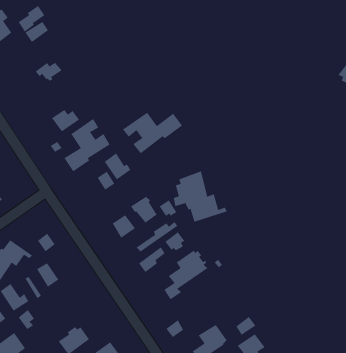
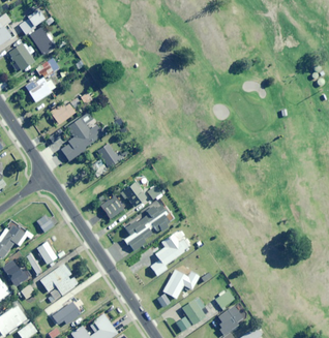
building: none -> [9,43,34,70]
building: none -> [25,74,56,102]
building: [122,112,183,154] -> none
building: [173,171,228,222] -> none
building: none -> [40,264,79,295]
building: none -> [163,270,200,299]

